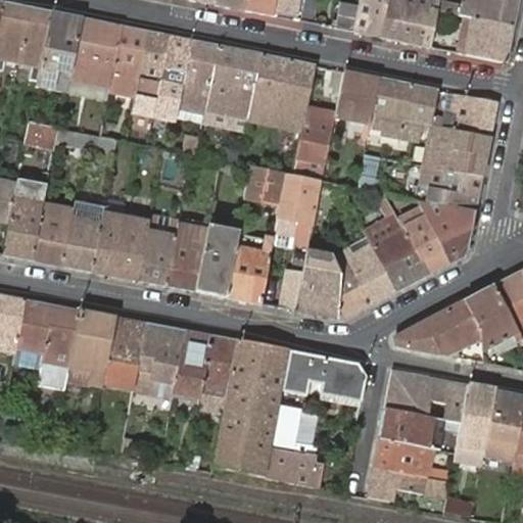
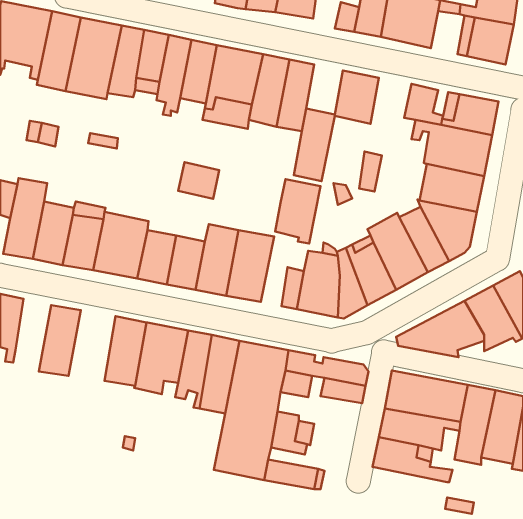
building: [370,78,415,139] -> none
building: [245,165,286,202] -> [178,162,219,199]
building: [15,298,51,354] -> none
building: [67,310,115,387] -> none
building: [366,466,446,501] -> none

